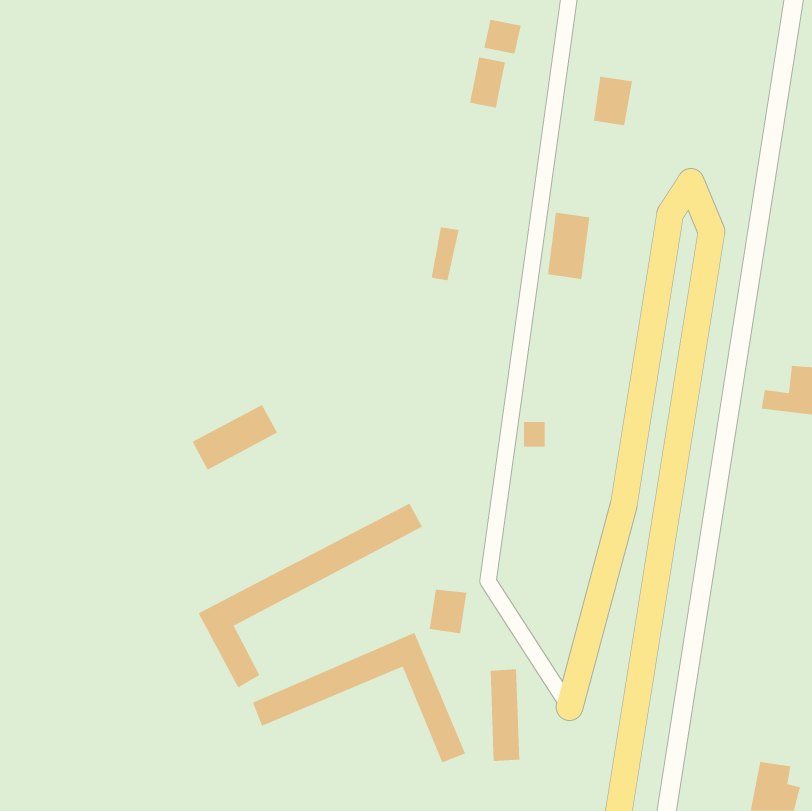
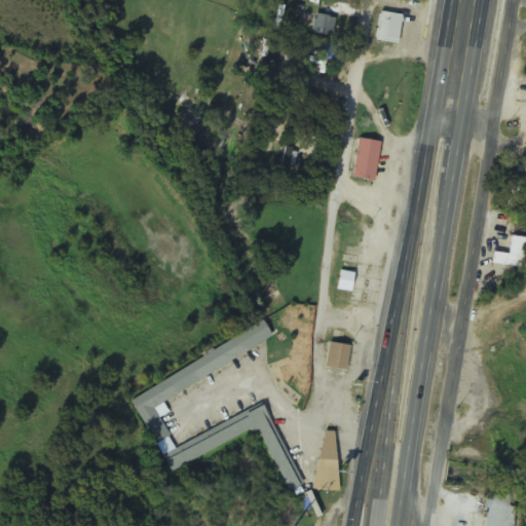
building: [470,57,505,108] -> none
building: [593,76,633,126] -> [377,10,403,42]
building: [192,404,278,470] -> none
building: [429,589,467,634] -> [326,341,350,370]

